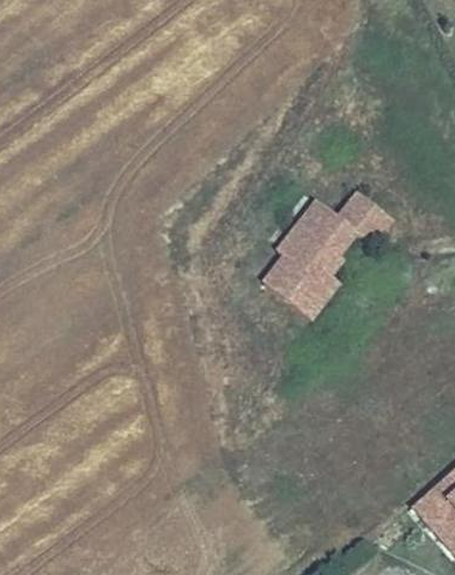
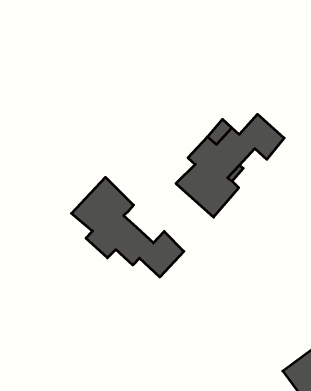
building: none -> [71,177,184,277]

